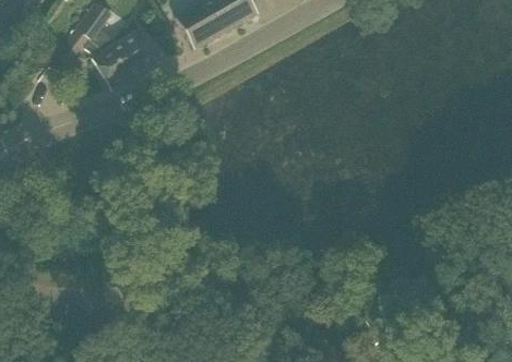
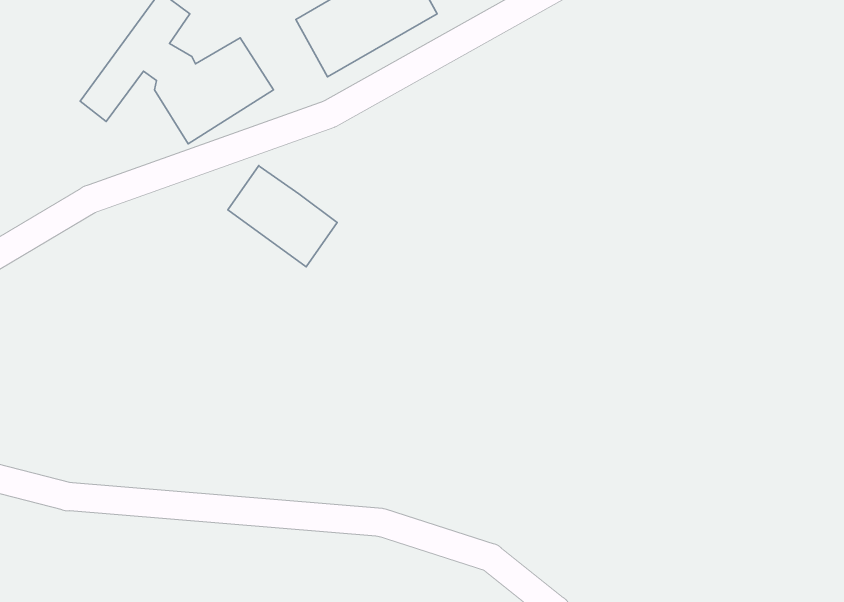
building: none -> [228,165,337,267]

